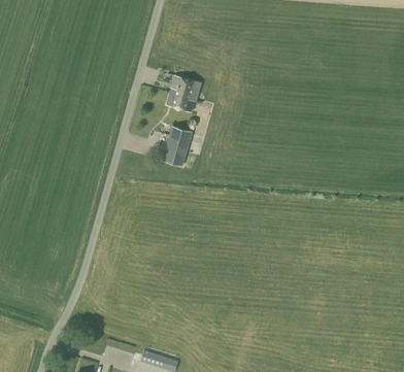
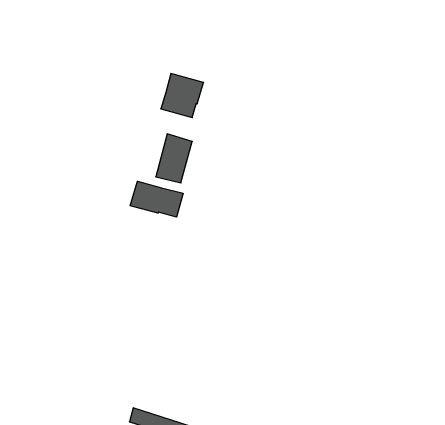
building: none -> [130,181,183,217]

